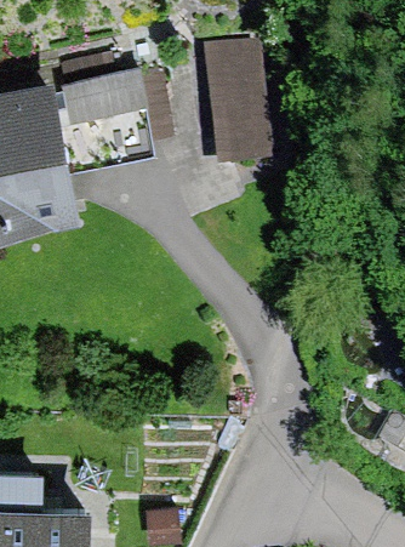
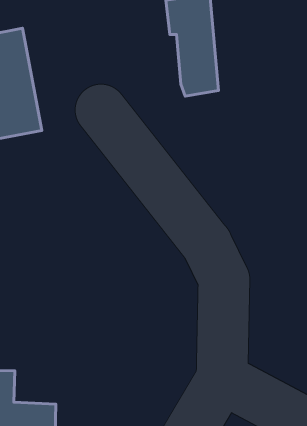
building: [64,70,150,155] -> none

